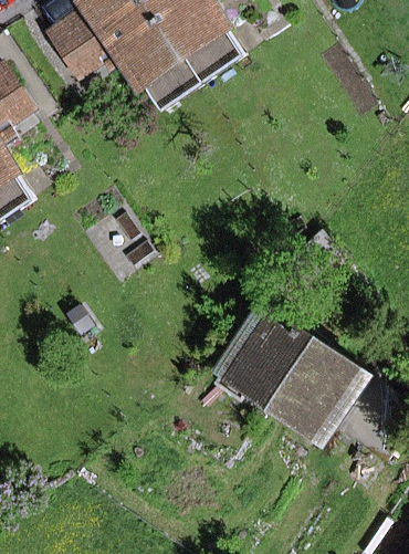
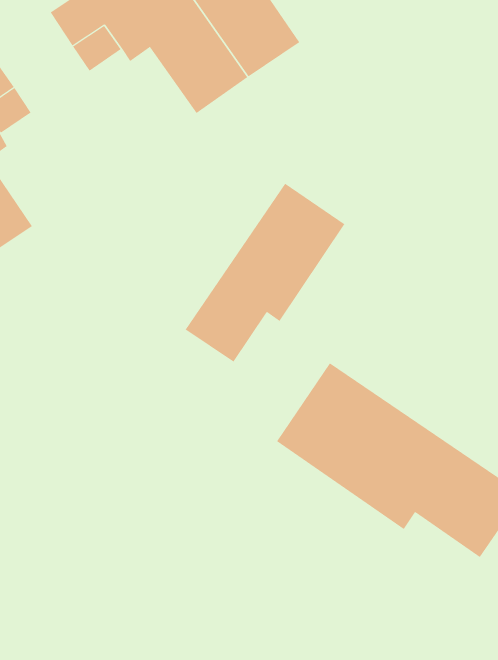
building: none -> [185,183,345,363]

